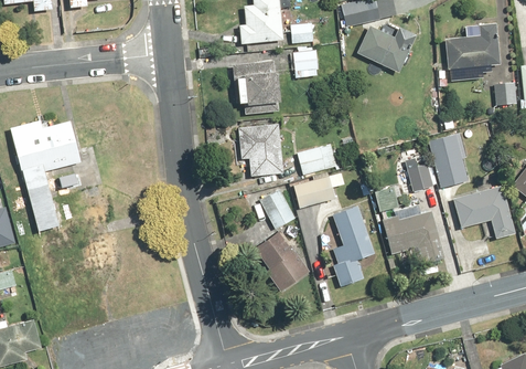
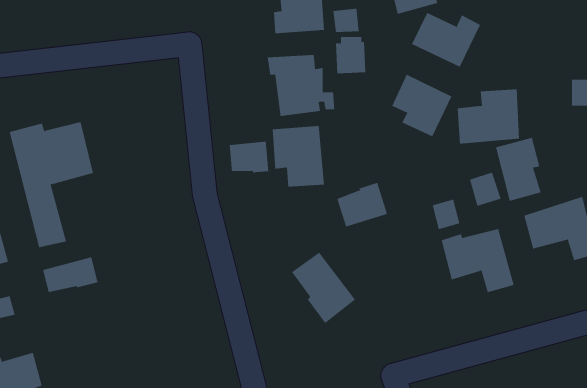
building: [444,22,498,70] -> [457,89,520,144]
building: none -> [392,74,452,137]
building: none -> [229,141,269,173]
building: [296,143,336,176] -> none
building: [257,188,294,230] -> none
building: [331,205,375,287] -> none
building: none -> [42,256,98,293]

